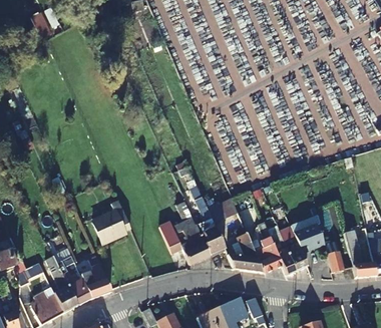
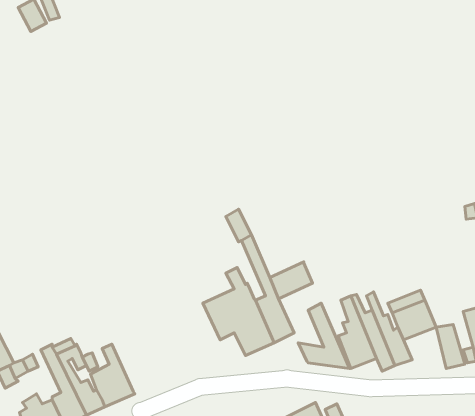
building: [93,200,130,243] -> none

